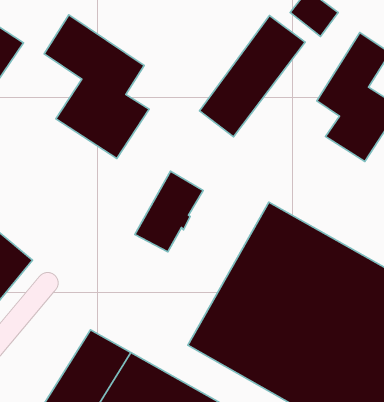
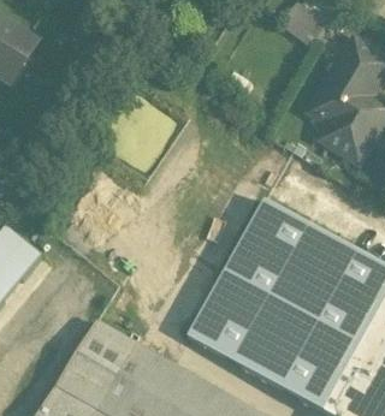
building: [44,15,149,158] -> none
building: [200,16,305,137] -> none
building: [135,171,203,252] -> none

